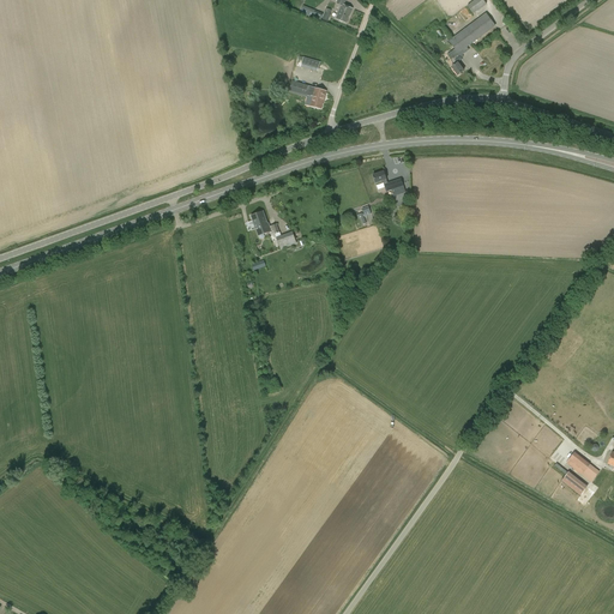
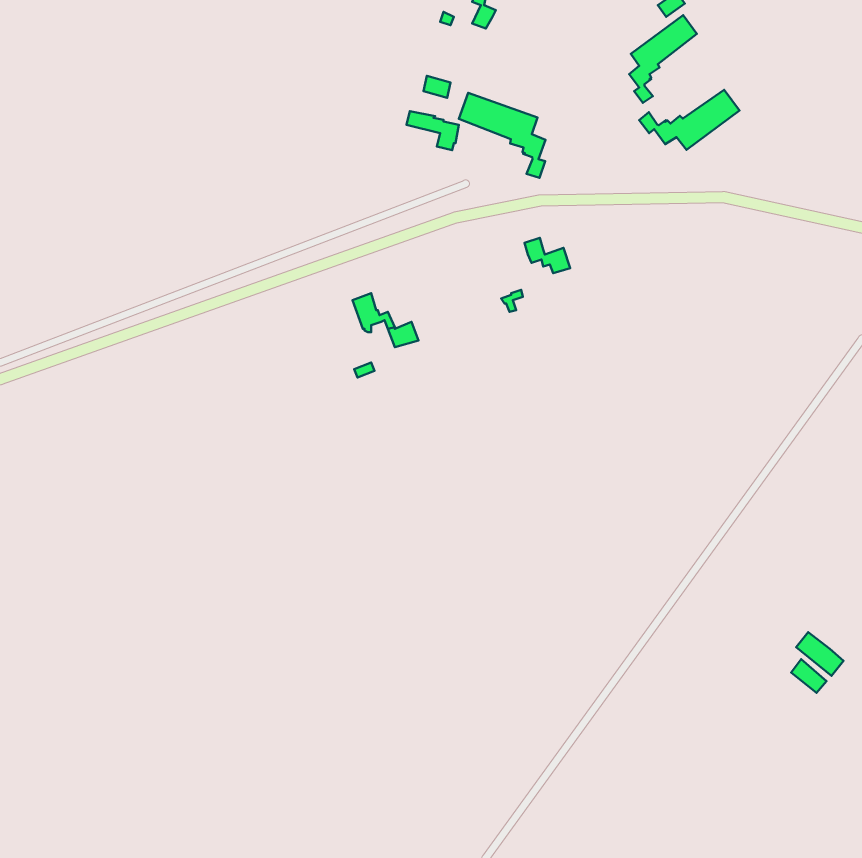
building: none -> [639,90,740,150]
building: none -> [459,93,546,178]

